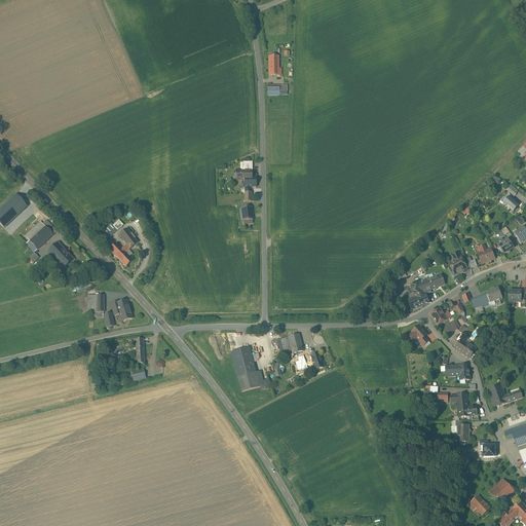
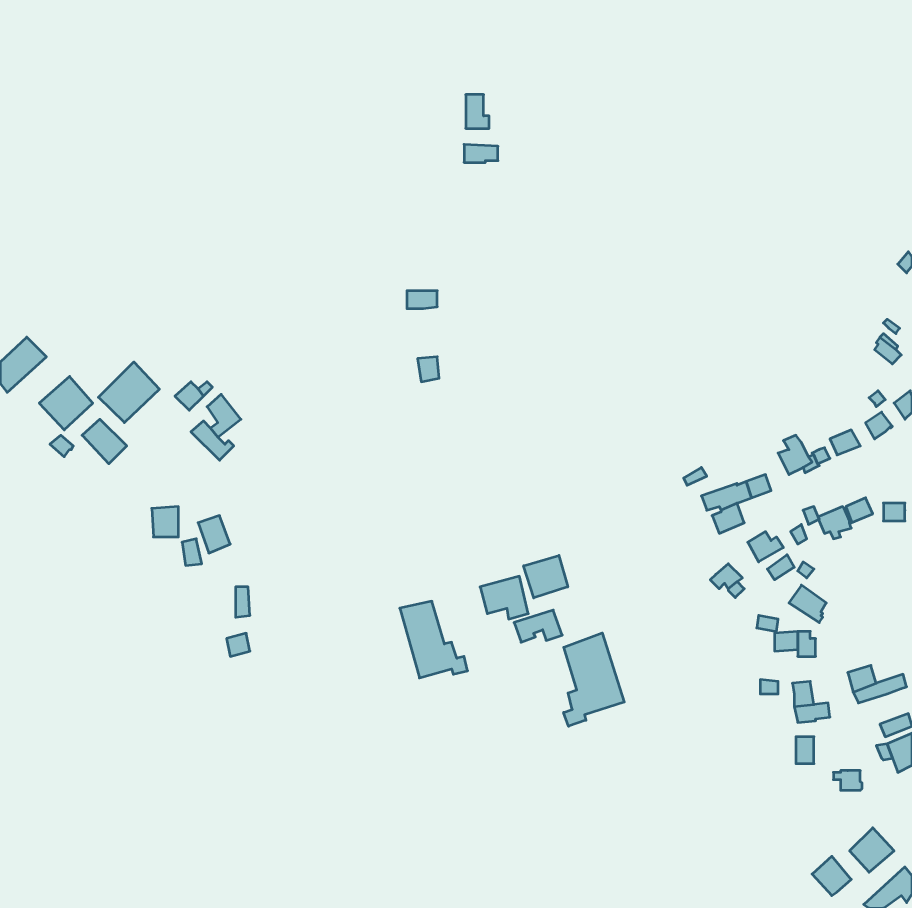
building: none -> [98,362,159,423]
building: none -> [524,555,568,598]
building: none -> [564,633,624,726]

